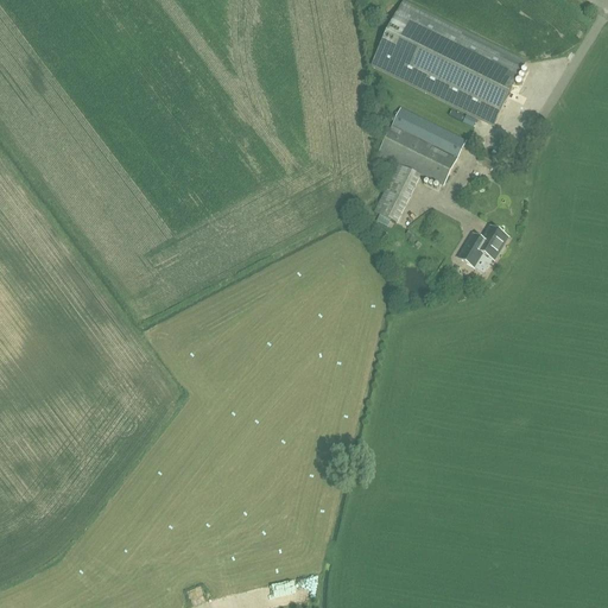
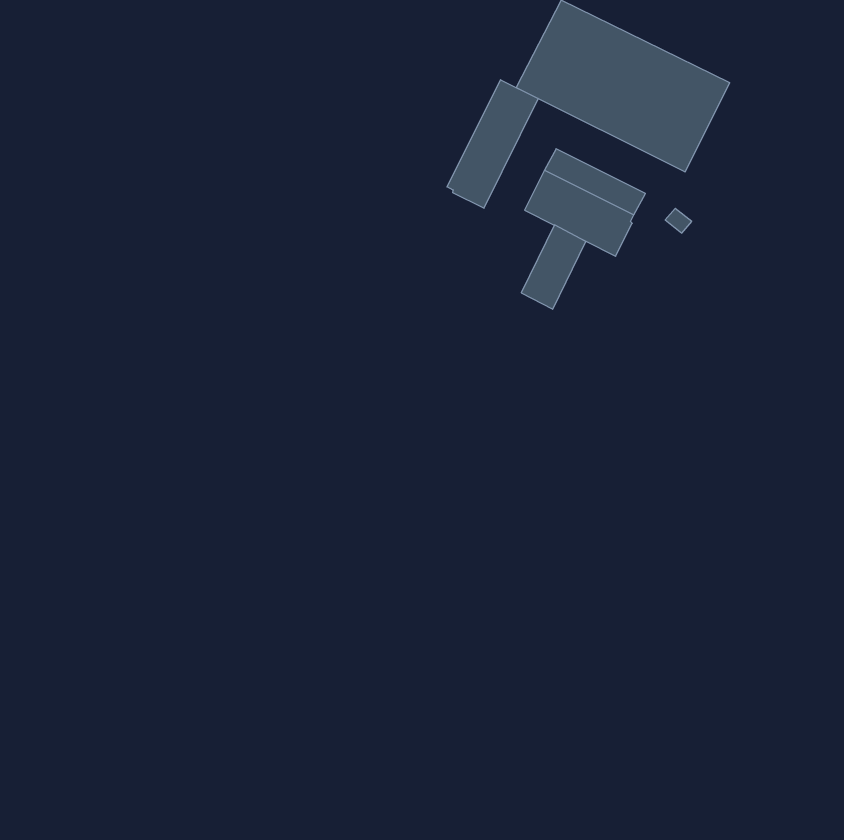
building: none -> [447,80,538,208]
building: [458,226,507,266] -> none

